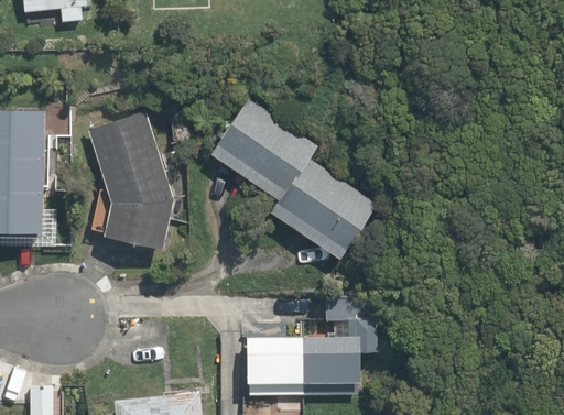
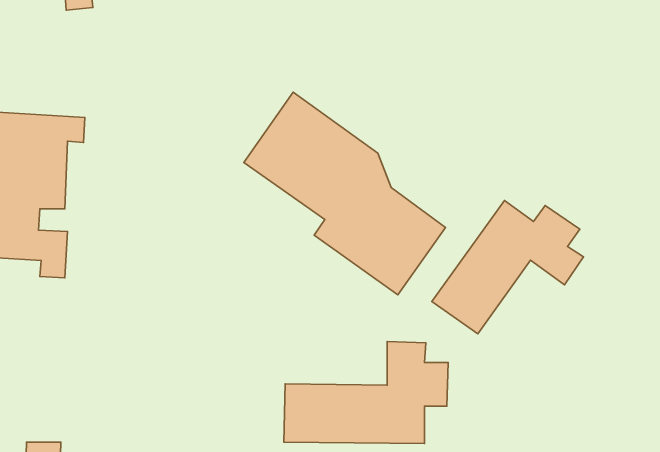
building: [86,112,169,247] -> none
building: none -> [432,200,584,334]

